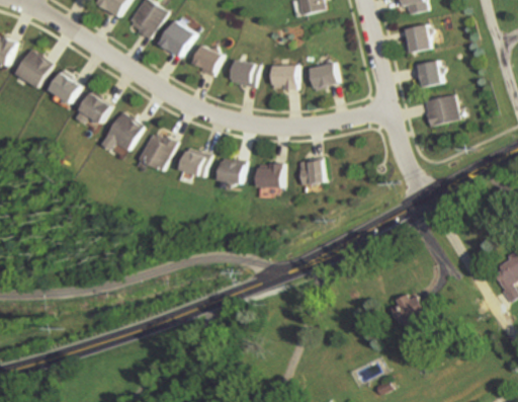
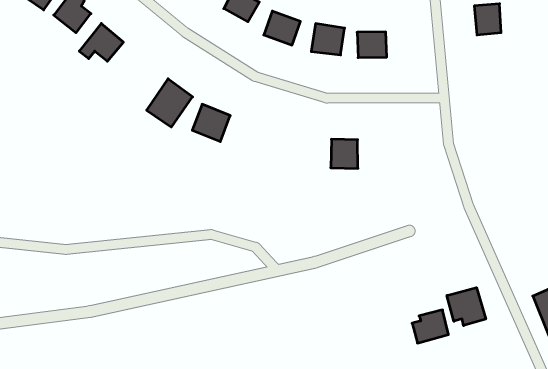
building: [415,61,441,88] -> none
building: [423,94,458,127] -> none
building: [102,111,143,151] -> none
building: [219,158,246,184] -> none
building: [257,163,284,188] -> none
building: none -> [447,288,486,326]

